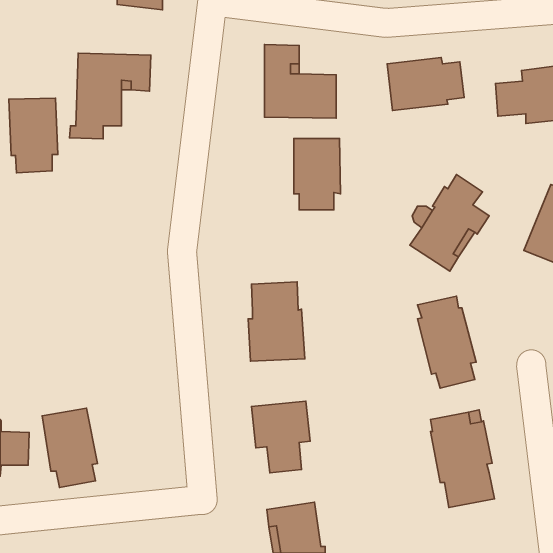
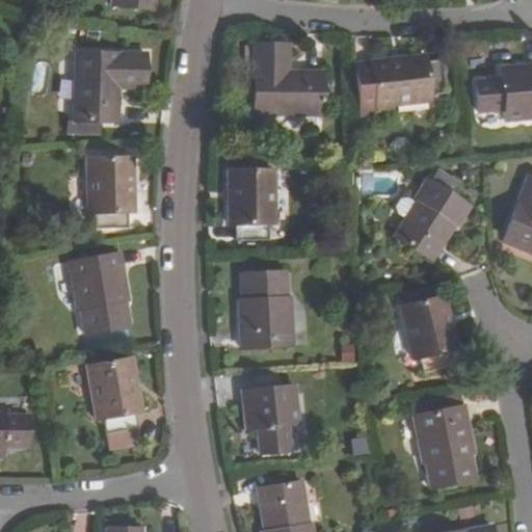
building: [9,98,58,173] -> [87,157,134,229]
building: [294,138,340,210] -> [230,170,274,239]
building: none -> [69,251,129,334]
building: [42,408,98,487] -> [88,357,141,433]

